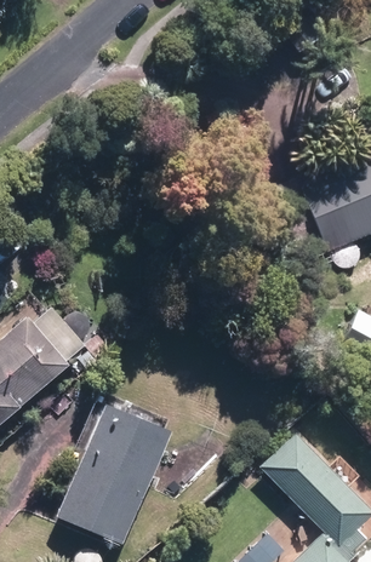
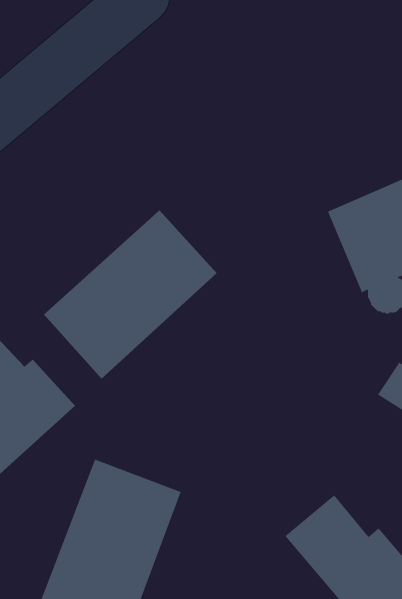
building: none -> [43,209,218,380]

